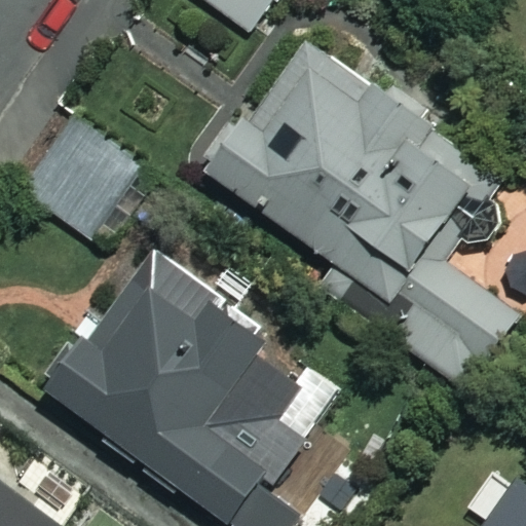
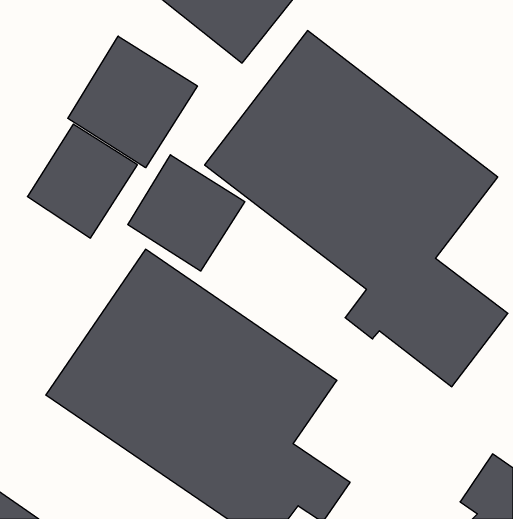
building: none -> [68,36,197,168]
building: none -> [128,155,245,271]

